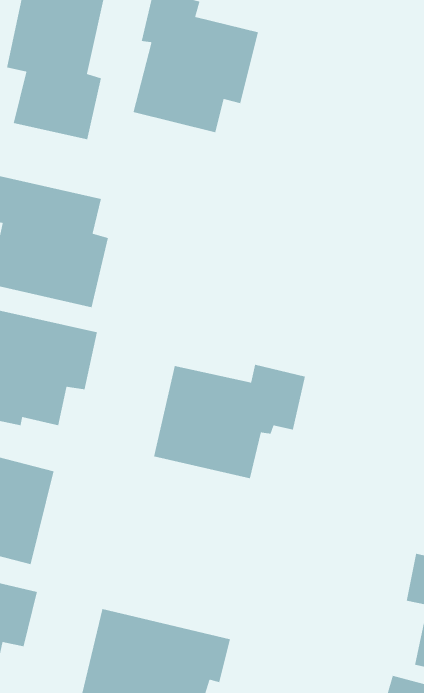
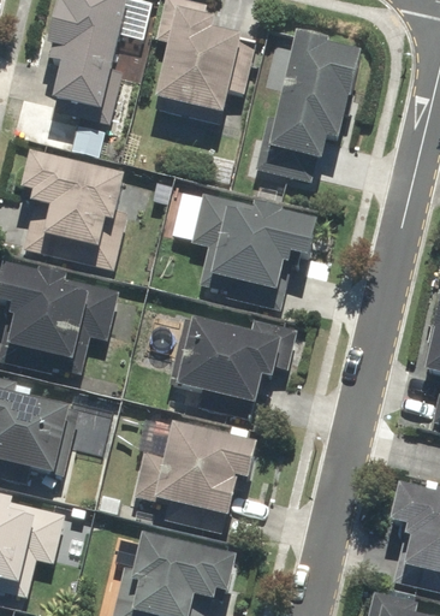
building: none -> [256,32,361,180]
building: none -> [192,189,315,308]
building: none -> [137,414,262,529]

